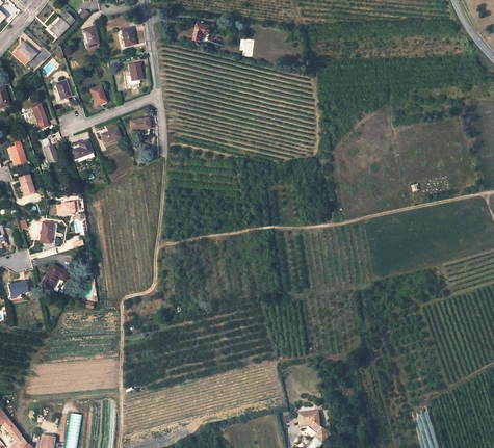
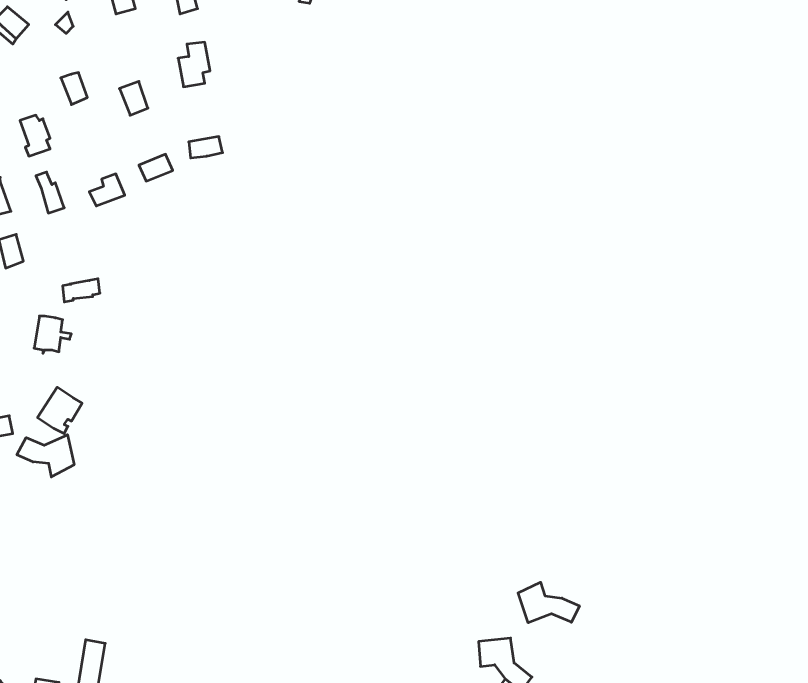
building: none -> [17,435,74,477]
building: none -> [518,582,579,623]

